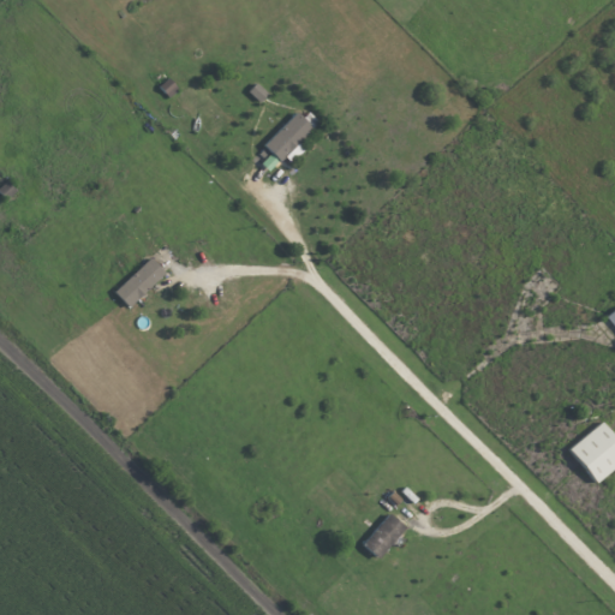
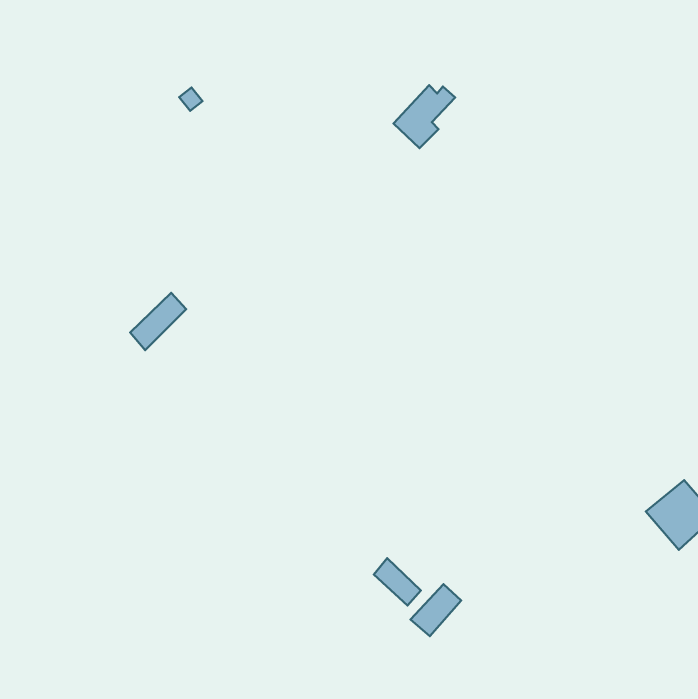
building: [265,111,320,166] -> [393,85,455,148]
building: none -> [374,558,421,605]

